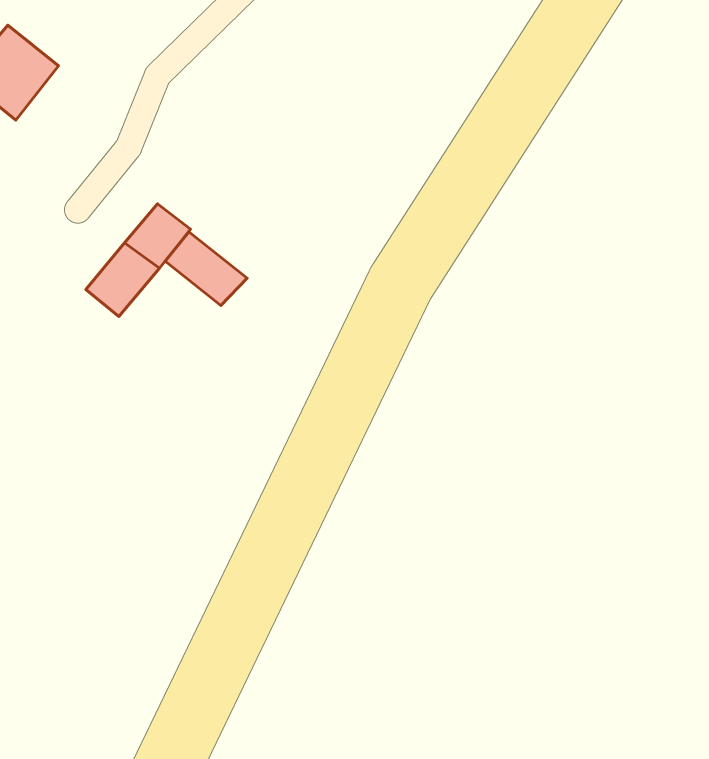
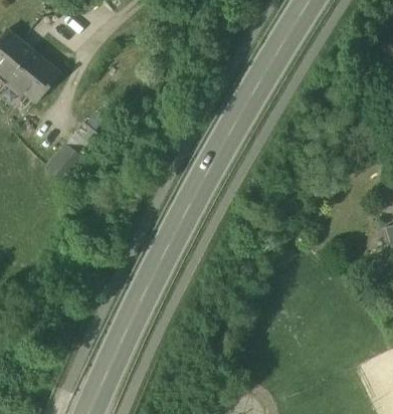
building: none -> [10,52,59,102]
building: [165,232,247,306] -> none

